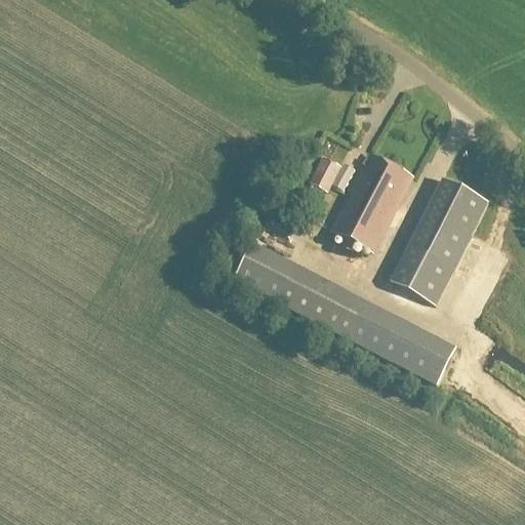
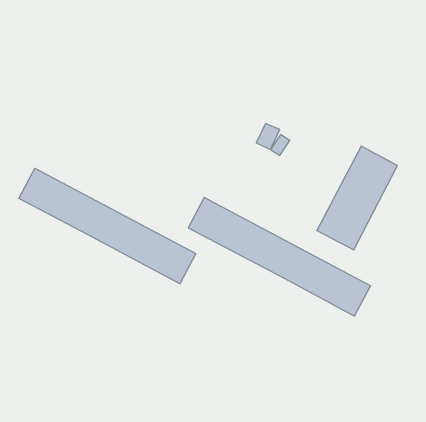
building: [333,154,413,250] -> none
building: none -> [19,168,196,284]

